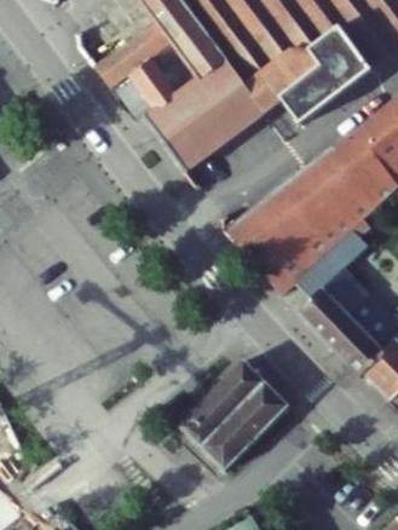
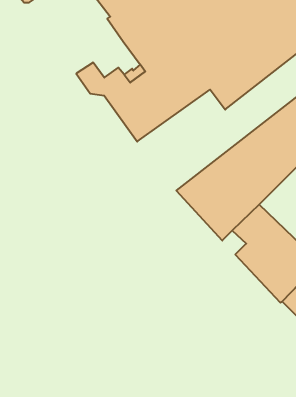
building: [100,27,177,98] -> none
building: [165,362,275,472] -> none

